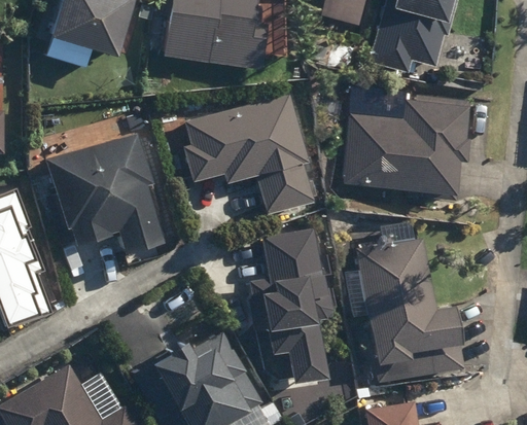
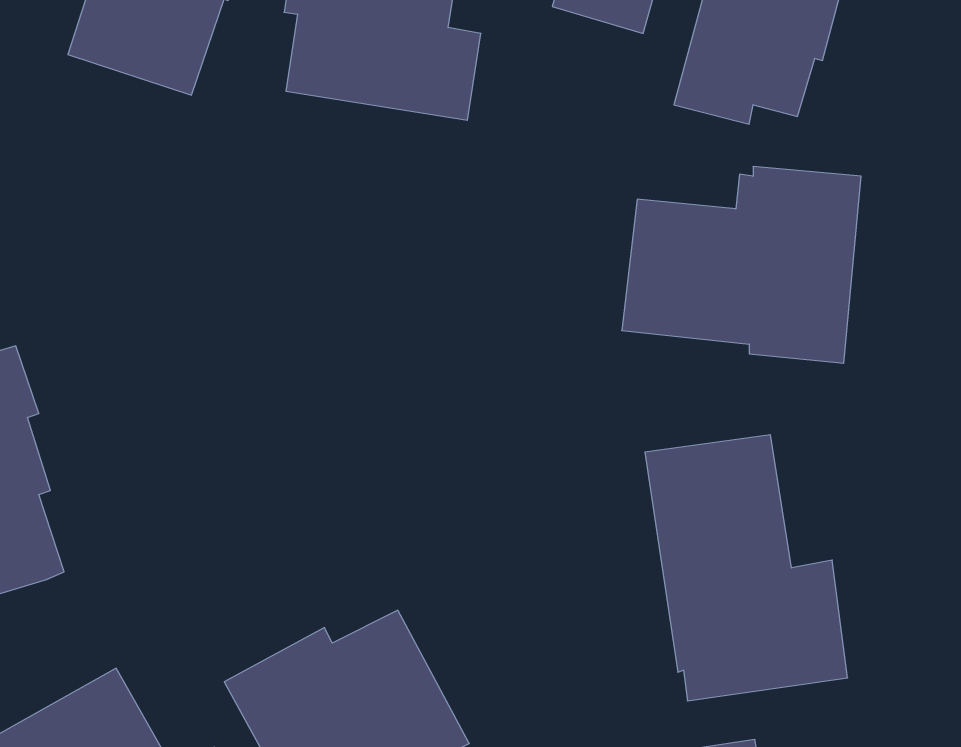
building: [184,93,313,212] -> none
building: [44,132,160,250] -> none
building: [247,228,330,382] -> none

